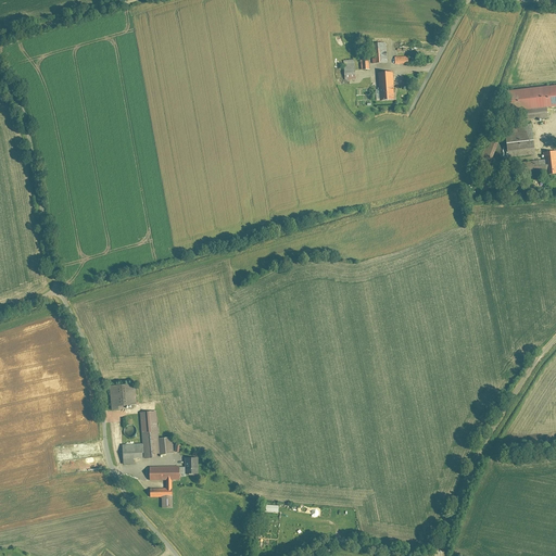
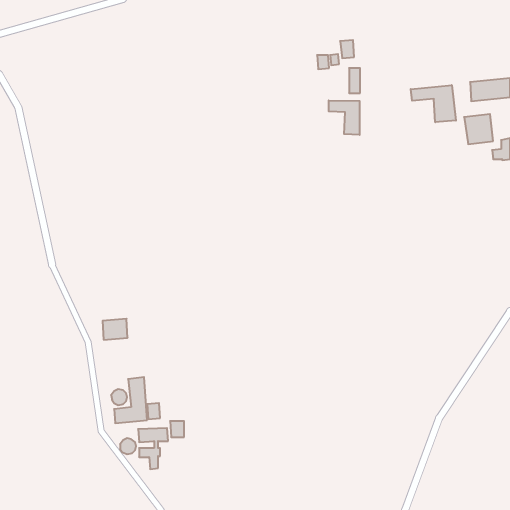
building: none -> [411,85,456,122]
building: none -> [329,100,360,135]
building: [111,384,138,407] -> [103,319,128,340]

